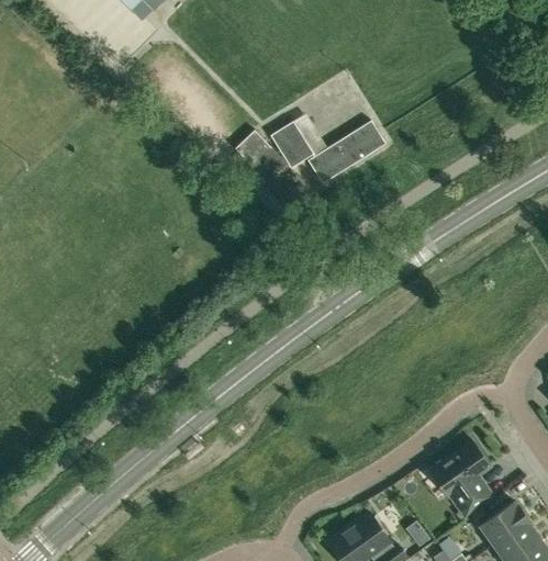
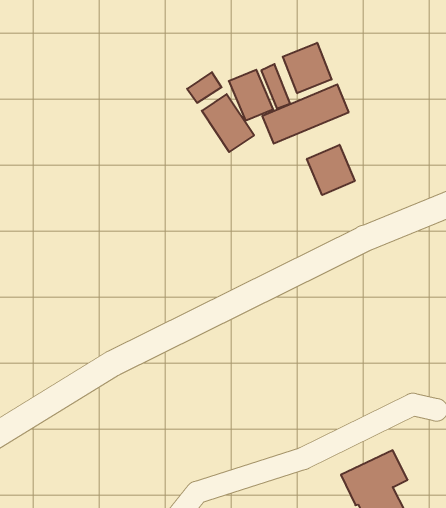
building: none -> [283,43,332,93]
building: none -> [307,145,355,195]

